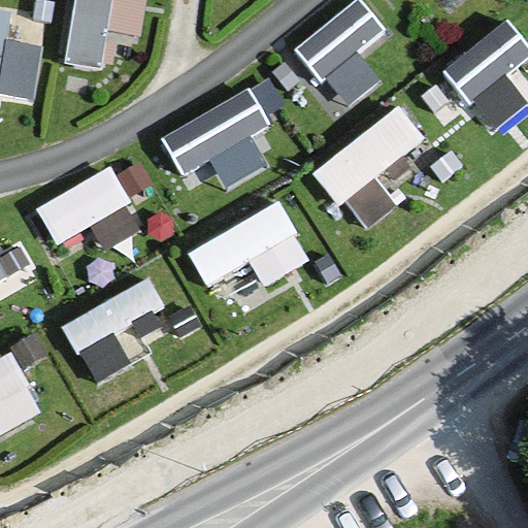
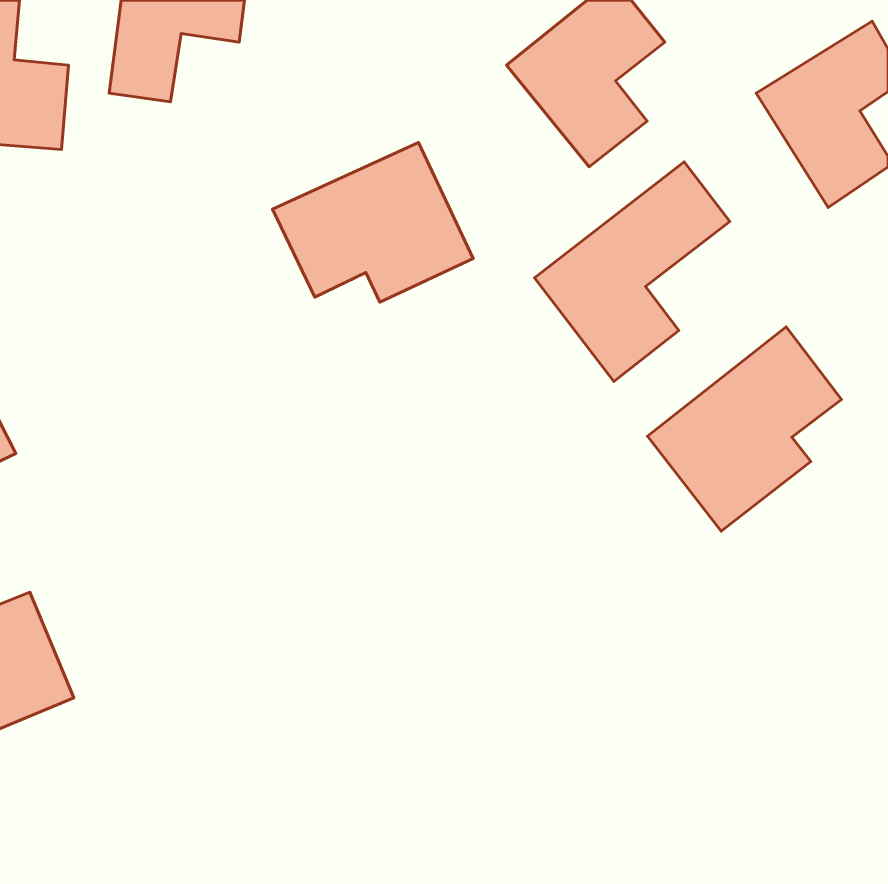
building: [36,167,131,243] -> none
building: none -> [647,327,841,531]
building: [187,203,308,283] -> none
building: [63,282,164,383] -> none

